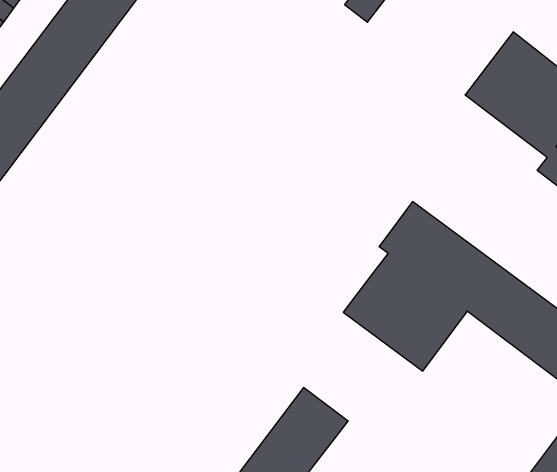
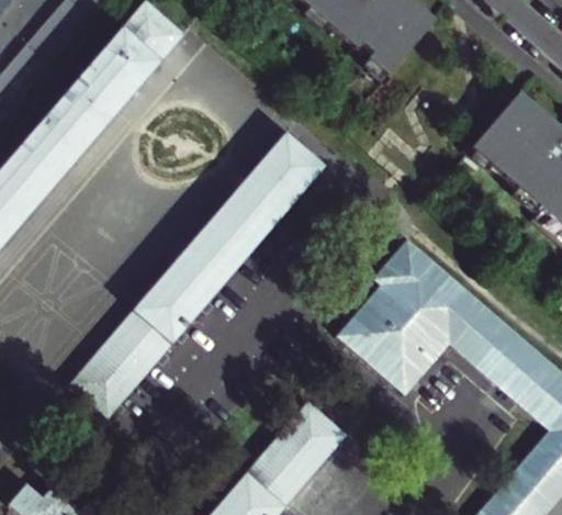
building: none -> [66,136,319,418]

